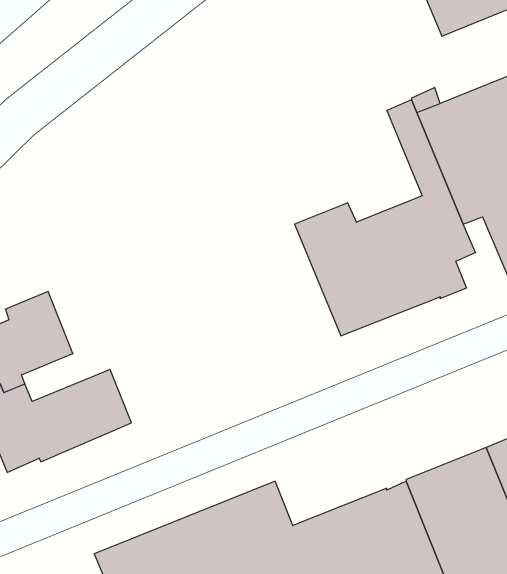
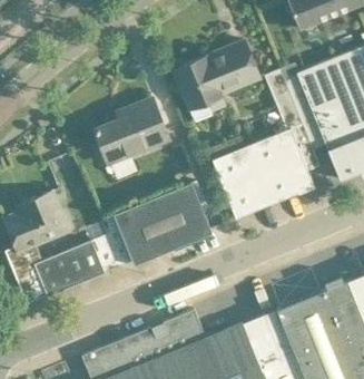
building: none -> [171,40,260,122]
building: none -> [94,98,168,164]
building: none -> [99,183,211,266]

